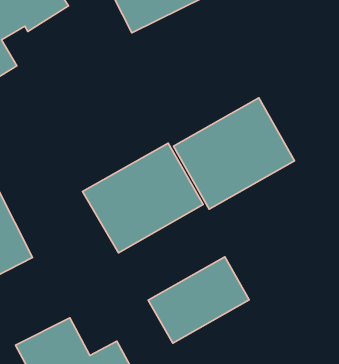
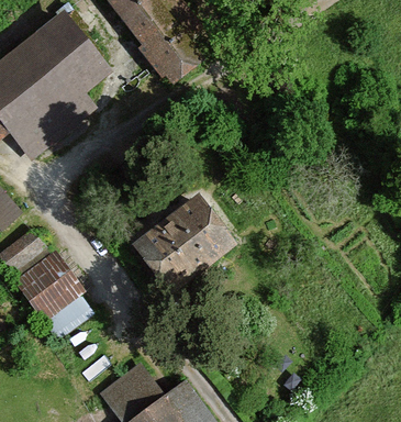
building: [173,98,295,209] -> none
building: [148,257,249,343] -> none

